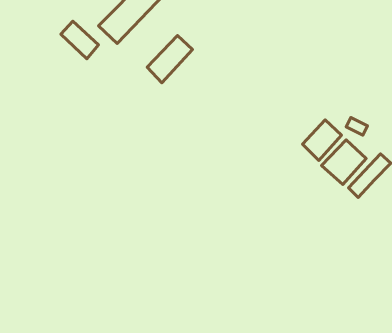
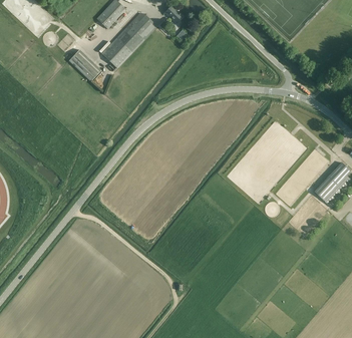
building: [147,35,192,83] -> none
building: [302,120,341,161] -> none

